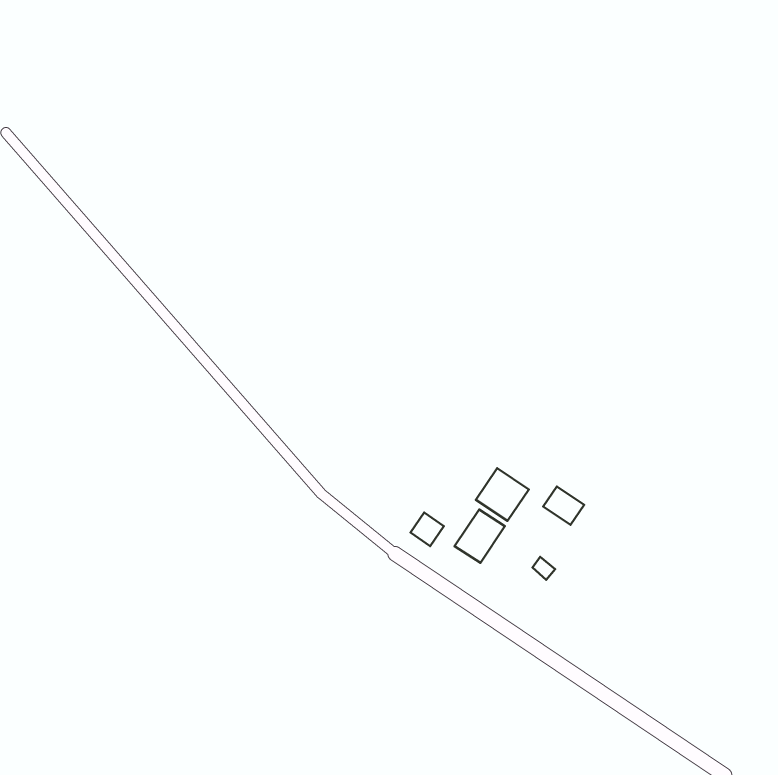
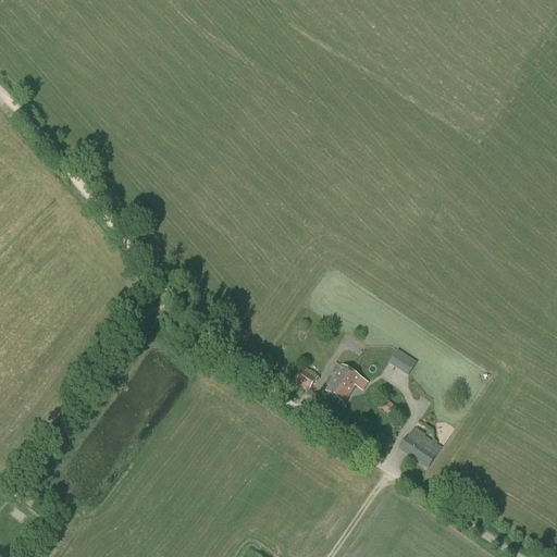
building: [476,468,529,521] -> none
building: none -> [400,428,442,466]

